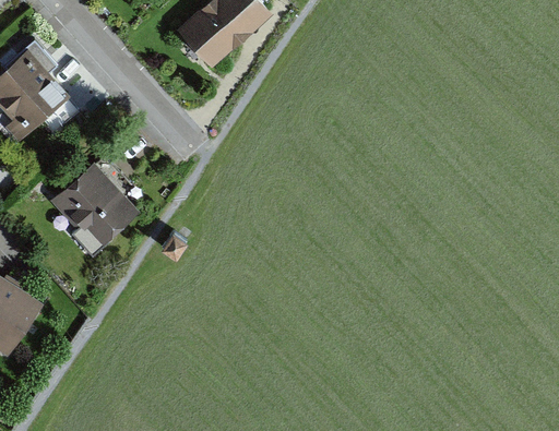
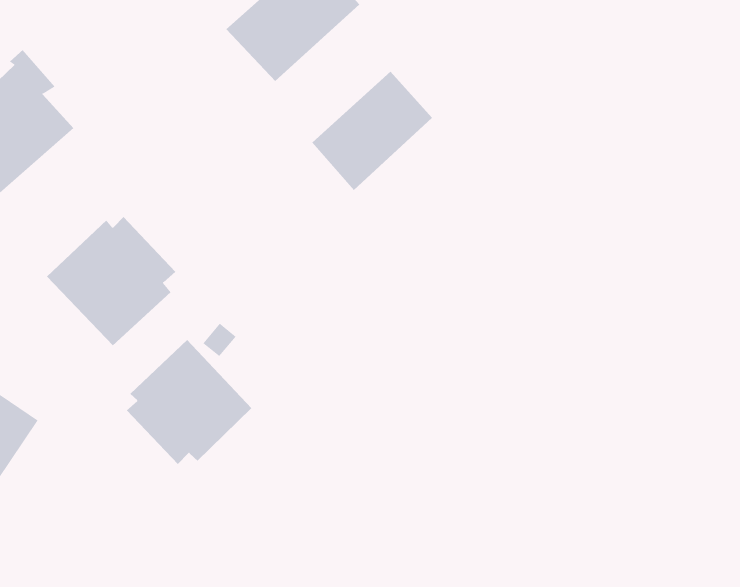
building: none -> [312,71,433,191]
building: none -> [126,339,252,465]

